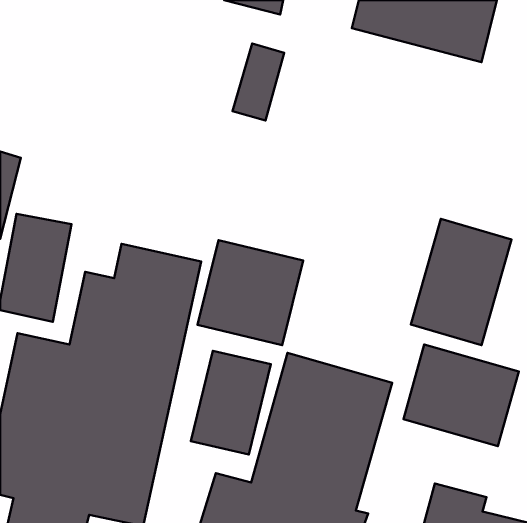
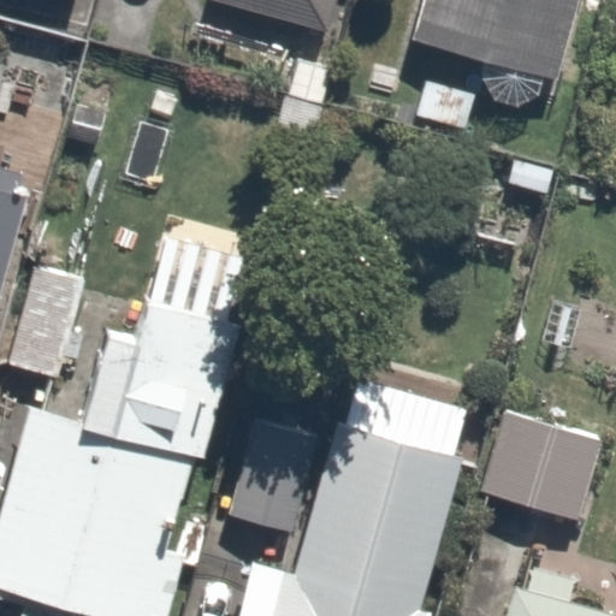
building: [411,219,512,345] -> none
building: [198,240,303,345] -> none

